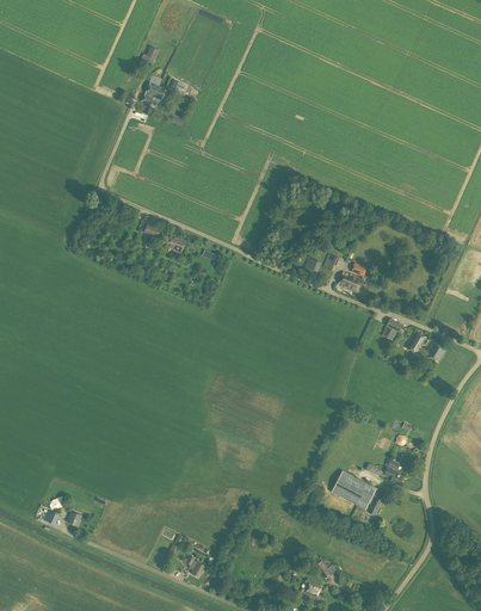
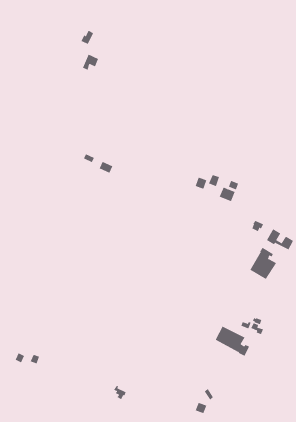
building: none -> [250,247,277,280]

